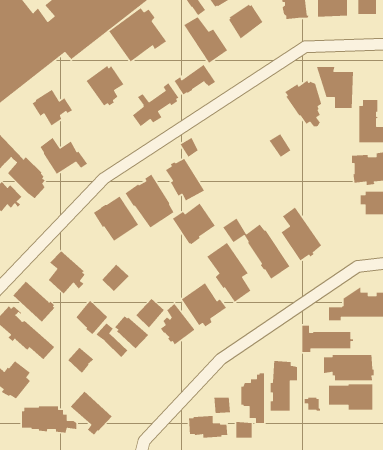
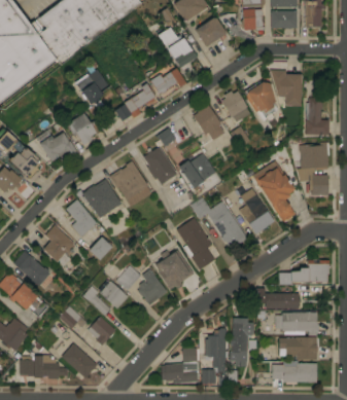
building: [108,7,167,63] -> none
building: [32,89,73,127] -> [66,113,101,145]
building: none -> [220,90,249,122]
building: none -> [192,106,222,140]
building: none -> [255,167,296,222]
building: [172,203,216,245] -> [178,153,215,189]
building: none -> [65,199,97,237]
building: [75,300,108,335] -> [89,316,116,346]
building: none -> [273,361,318,385]

